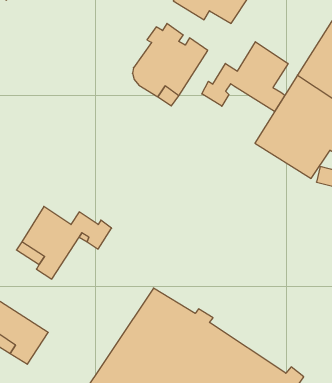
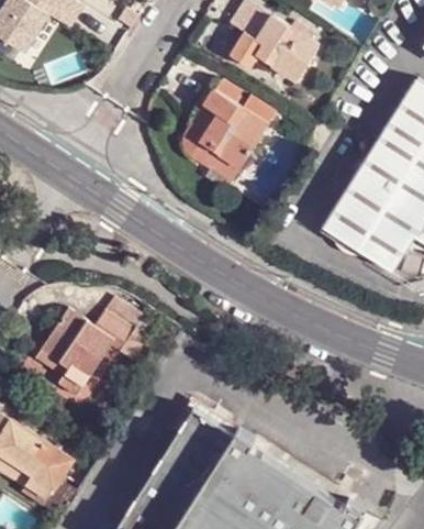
building: [202,42,288,111] -> none

